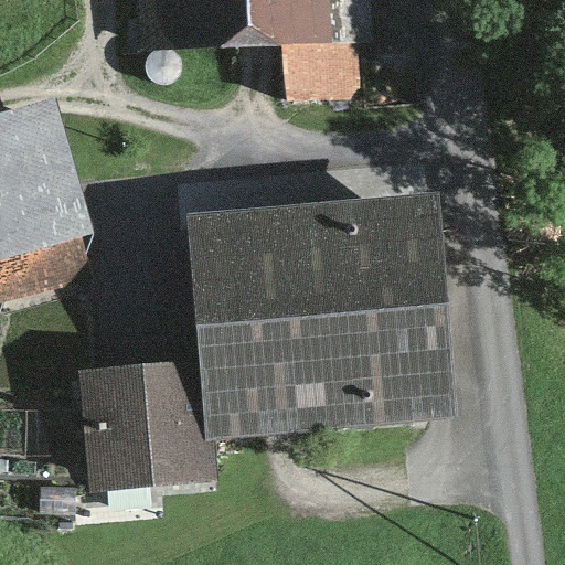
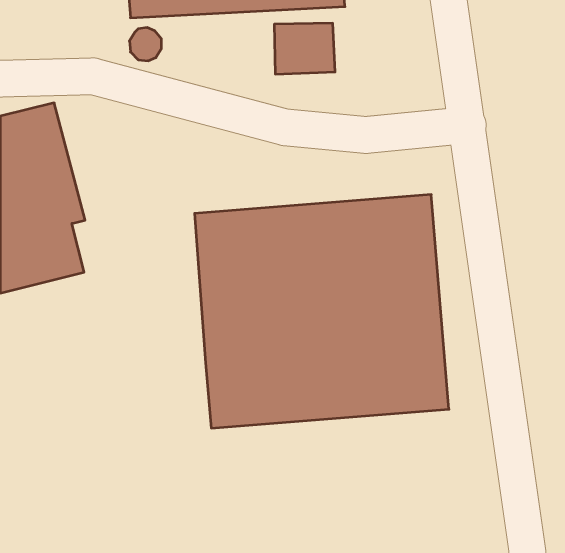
building: [85,362,214,477] -> none

